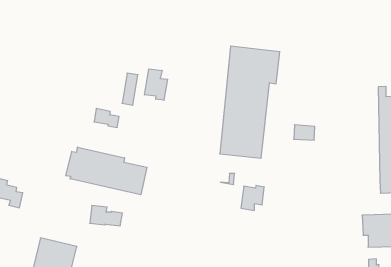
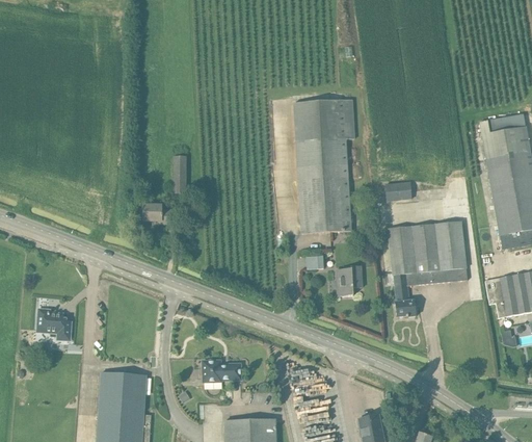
building: [145,69,168,100] -> none
building: [66,147,147,195] -> none
building: none -> [388,220,469,316]
building: [90,206,122,226] -> [203,359,241,382]

